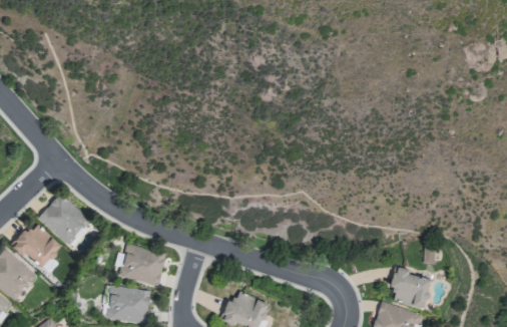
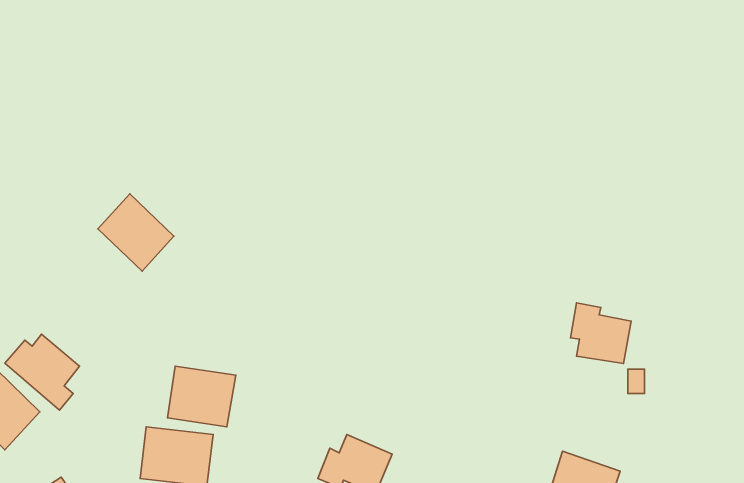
building: [38,195,88,246] -> [98,194,174,271]
building: [390,267,430,307] -> [570,303,631,364]

